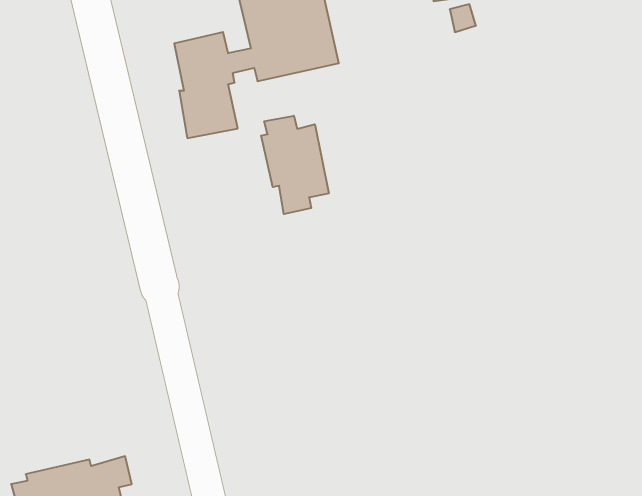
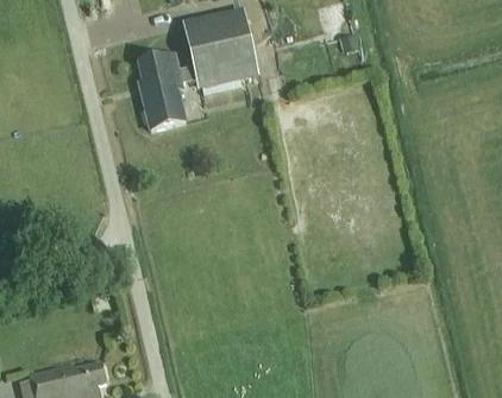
building: [261,116,329,214] -> none

